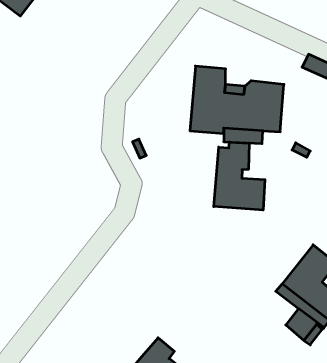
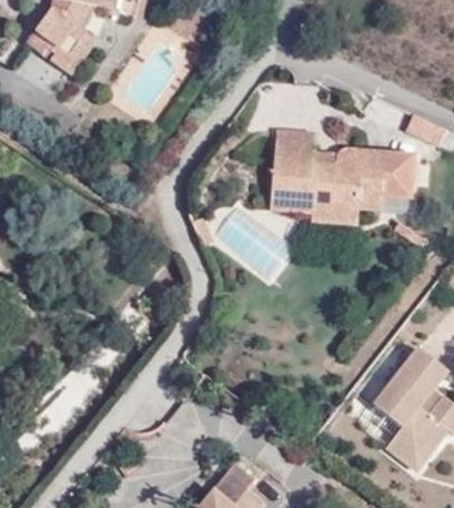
building: none -> [381,153,413,196]
building: [214,142,265,210] -> none

